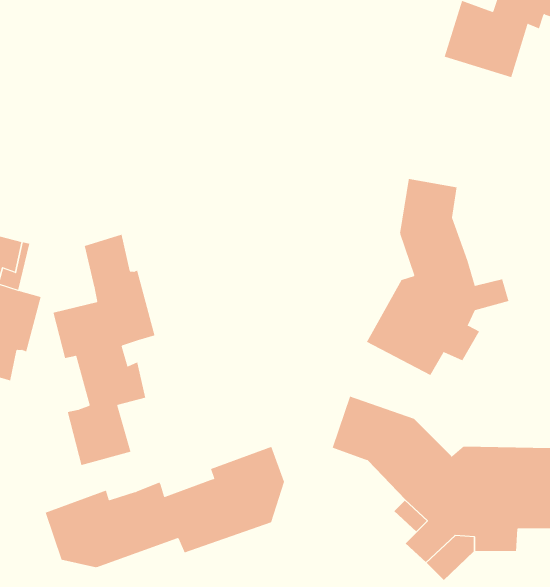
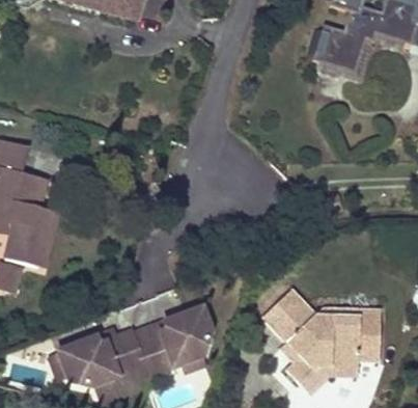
building: [366,178,509,376] -> none
building: [53,234,155,466] -> none

